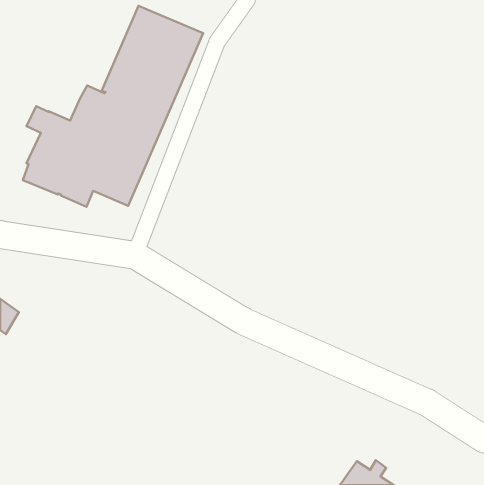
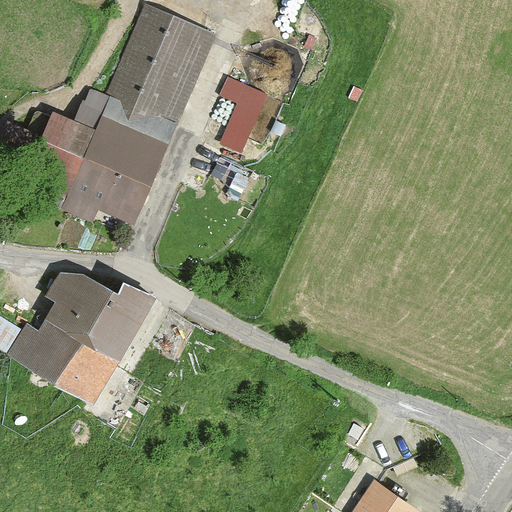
building: none -> [221,77,267,150]
building: none -> [12,274,152,400]

